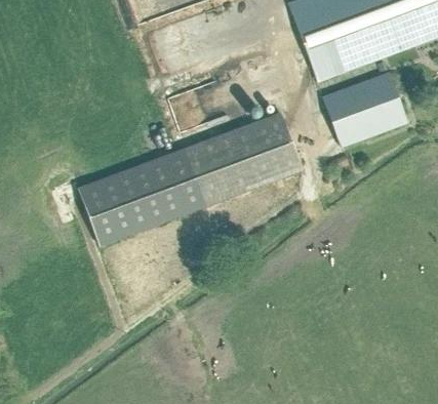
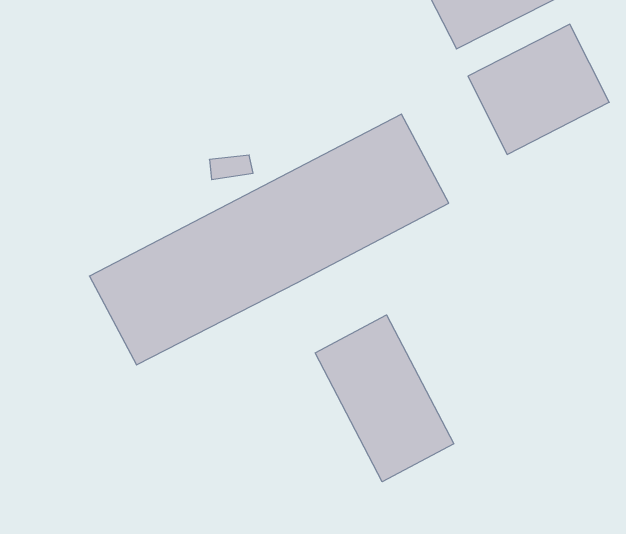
building: none -> [315,315,454,482]

